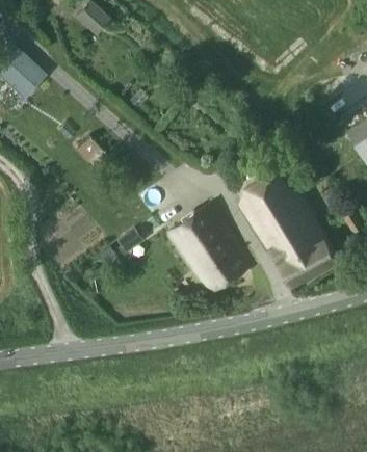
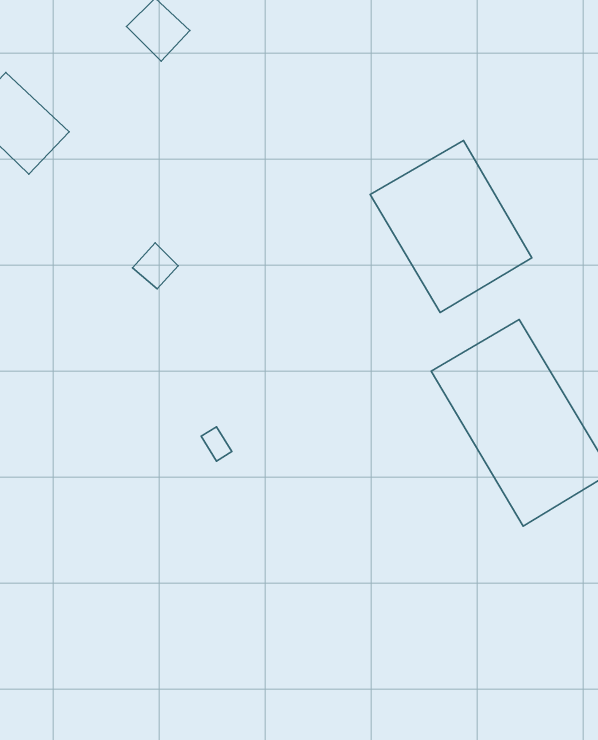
building: none -> [370,141,532,312]
building: [168,204,252,293] -> none

